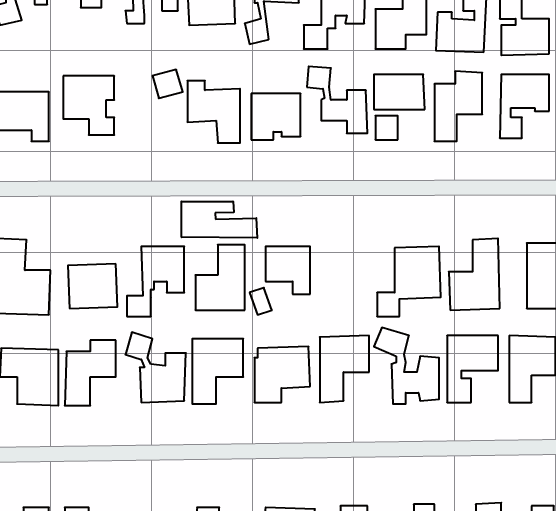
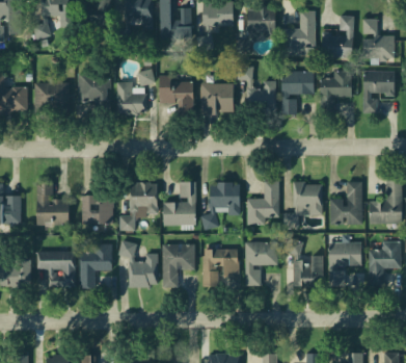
building: none -> [116,81,147,113]
building: [181,201,257,238] -> none
building: none -> [246,179,279,226]

